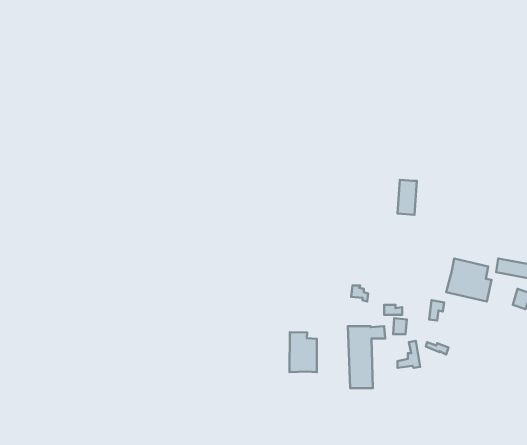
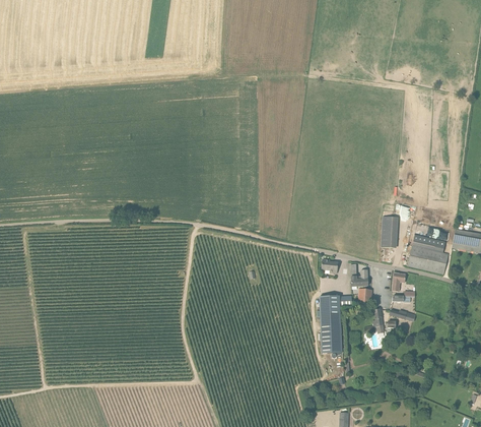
building: [397,180,417,215] -> [381,217,398,248]
building: [289,332,317,372] -> none

